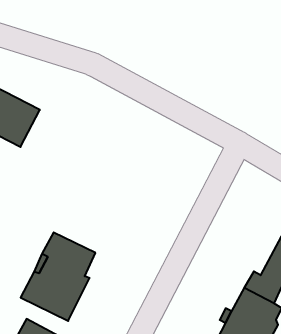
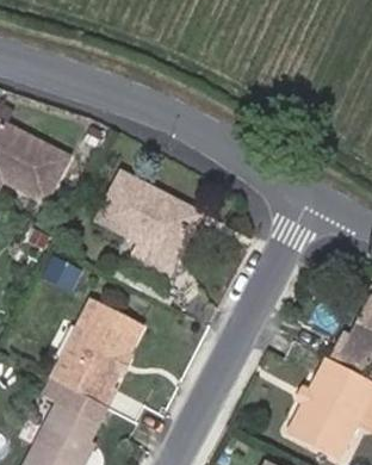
building: none -> [92,173,188,281]

